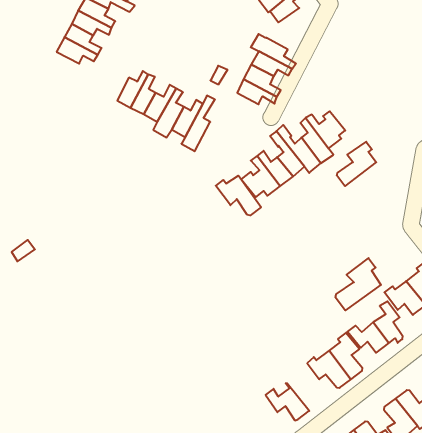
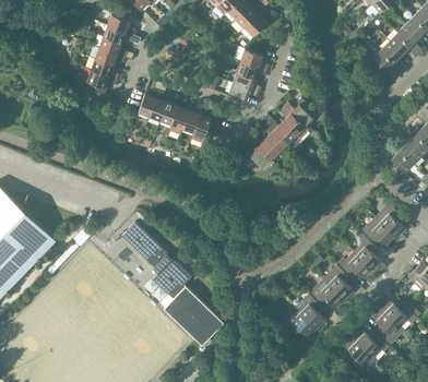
building: [337,142,376,186] -> none
building: [216,176,261,215] -> none
building: none -> [121,223,223,346]
building: [336,258,381,310] -> none
building: none -> [297,294,324,329]

